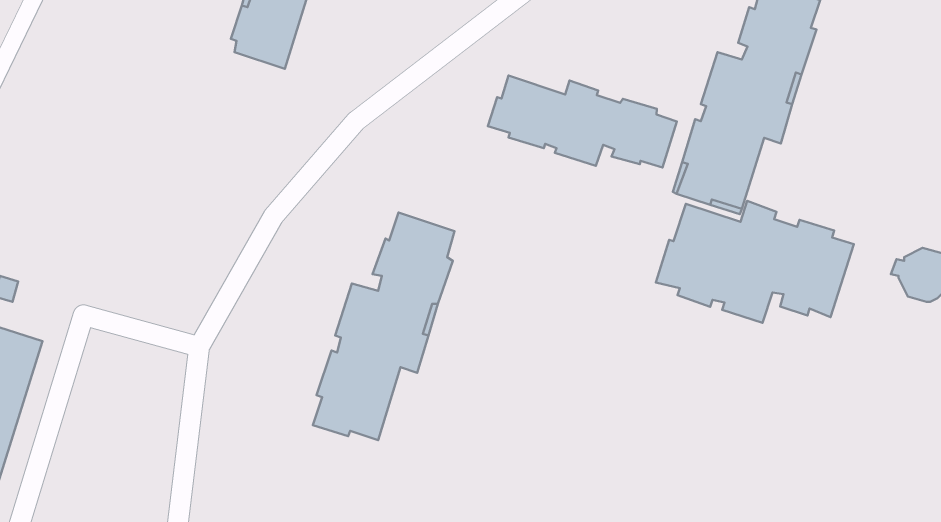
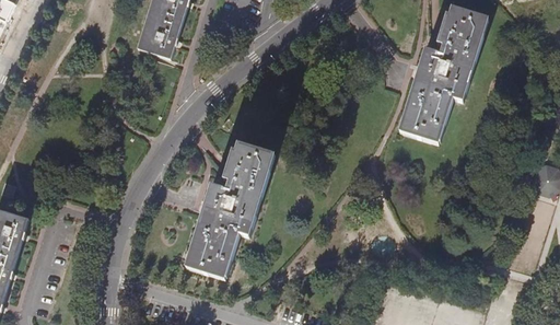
building: [488,76,677,167] -> none
building: [656,201,854,323] -> none

